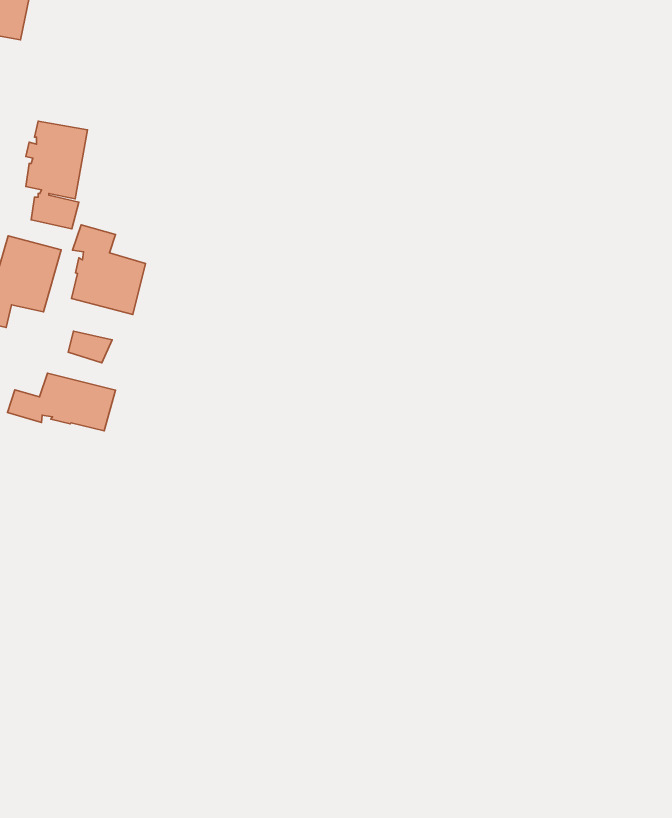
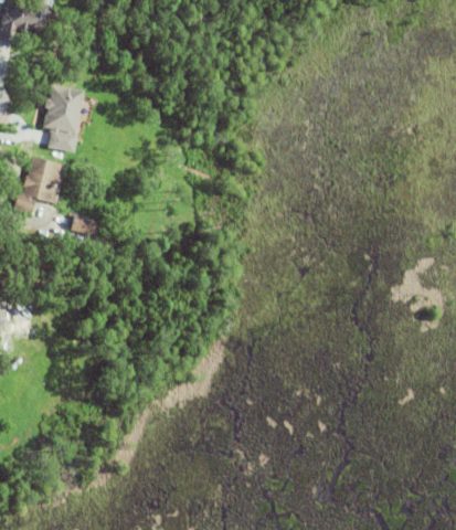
building: [71,225,145,315] -> none
building: [8,373,115,431] -> none

